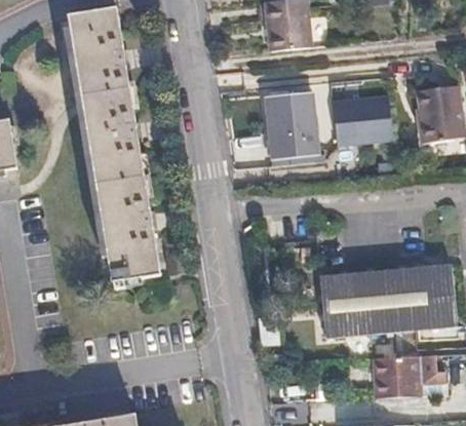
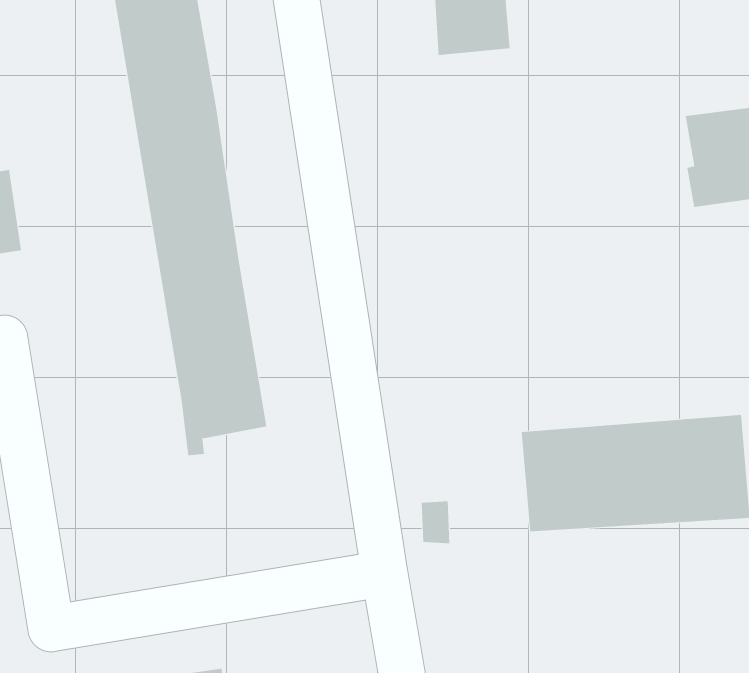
building: [260,91,312,158] -> none
building: [328,95,388,148] -> none
building: [368,353,443,397] -> none

